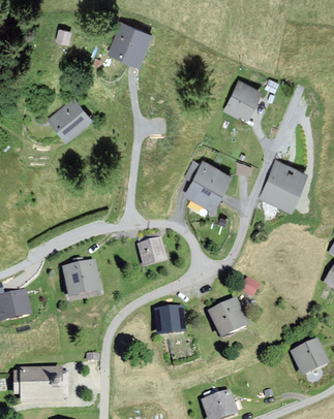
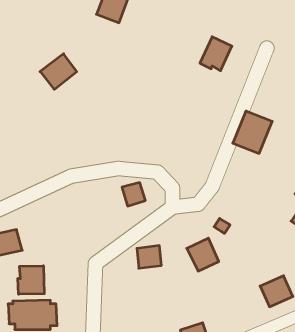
building: [187,162,230,207] -> none
building: [63,262,98,295] -> none
building: none -> [18,266,44,294]

